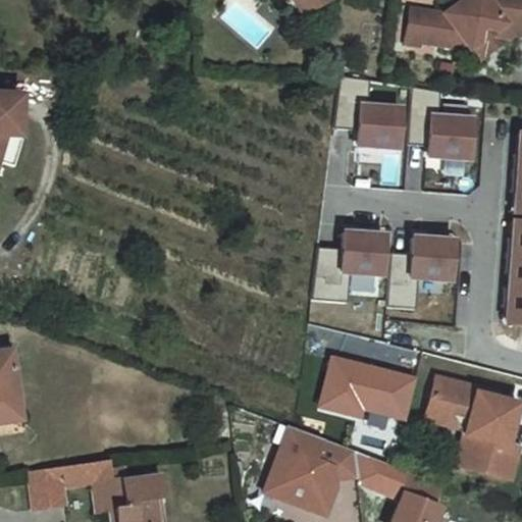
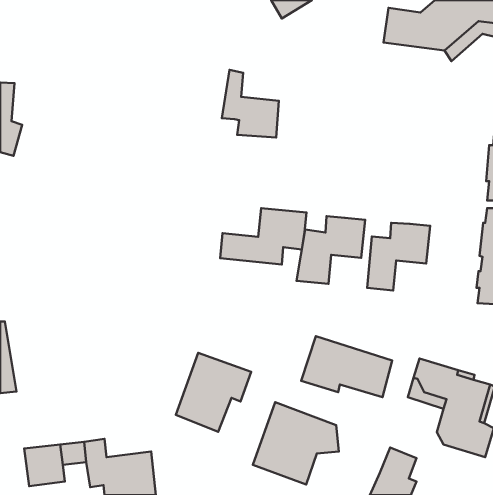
building: [344,73,404,145] -> [222,70,279,138]
building: [412,86,473,158] -> none
building: none -> [220,208,306,265]
building: none -> [176,353,251,432]
building: [356,448,413,498] -> none

